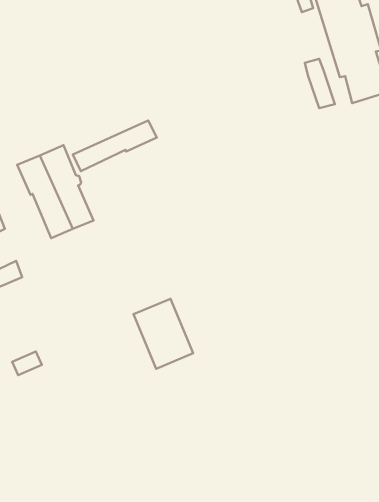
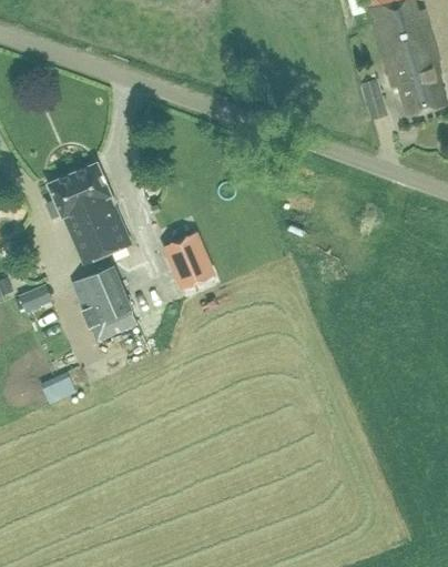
building: [73,120,157,171] -> none
building: none -> [165,235,213,290]
building: [133,299,193,369] -> [71,264,135,340]

